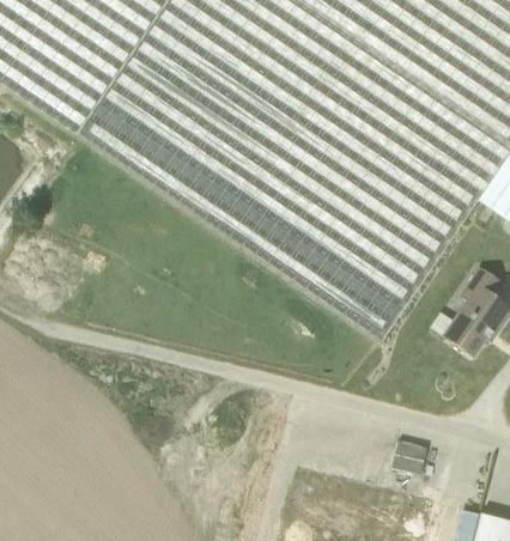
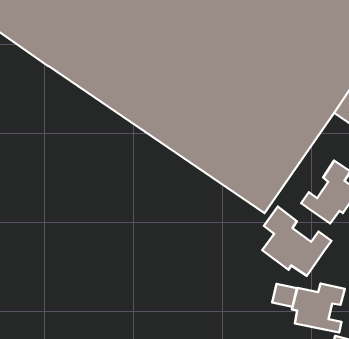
building: none -> [262,207,331,276]
building: none -> [292,283,345,333]

